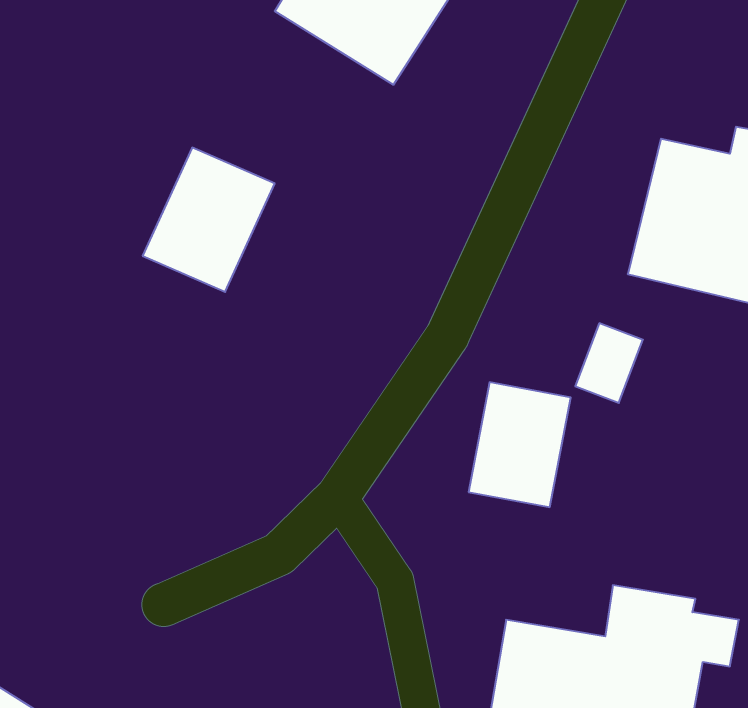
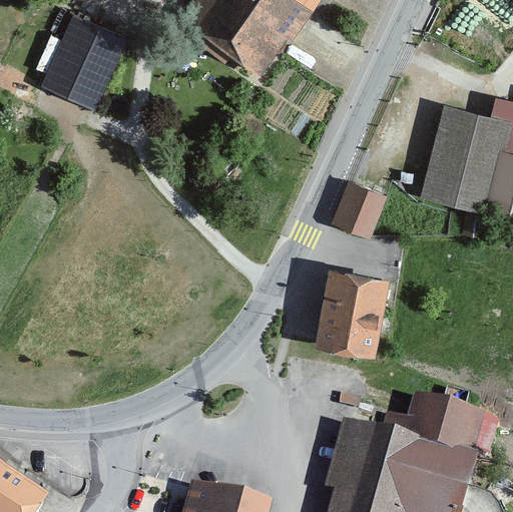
building: [143,148,275,292] -> [38,16,126,112]
building: [575,323,643,403] -> [336,179,381,232]

